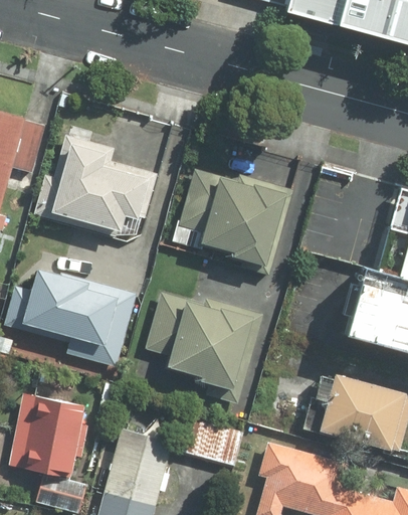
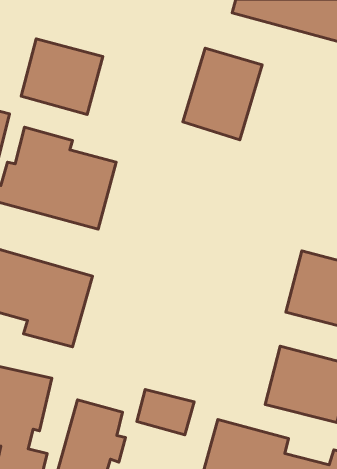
building: none -> [21,39,103,114]
building: none -> [183,48,262,140]
building: [168,164,293,280] -> none
building: [142,292,264,408] -> none

